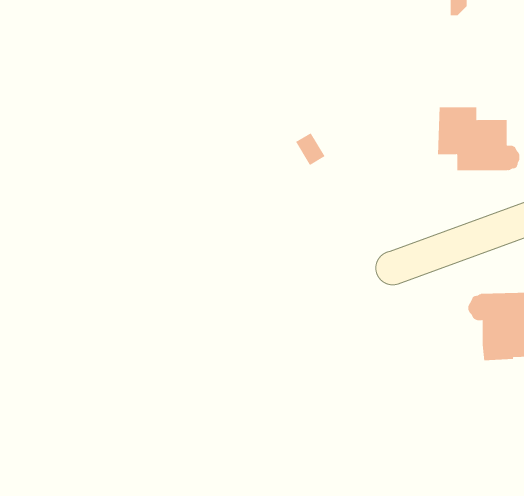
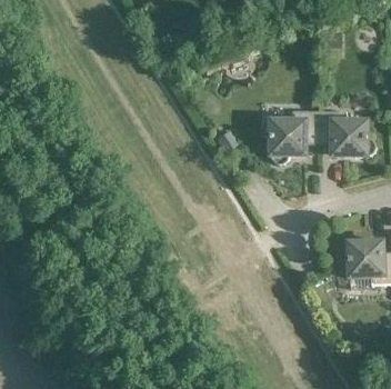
building: none -> [269,109,318,162]

